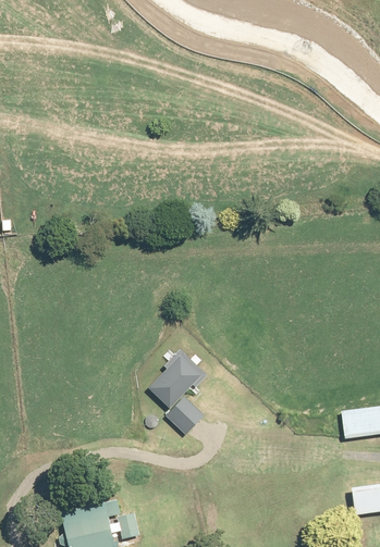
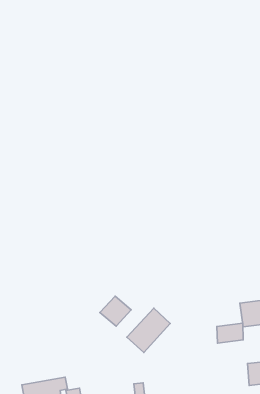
building: [146,355,201,411] -> [127,308,170,352]
building: none -> [217,323,243,343]

